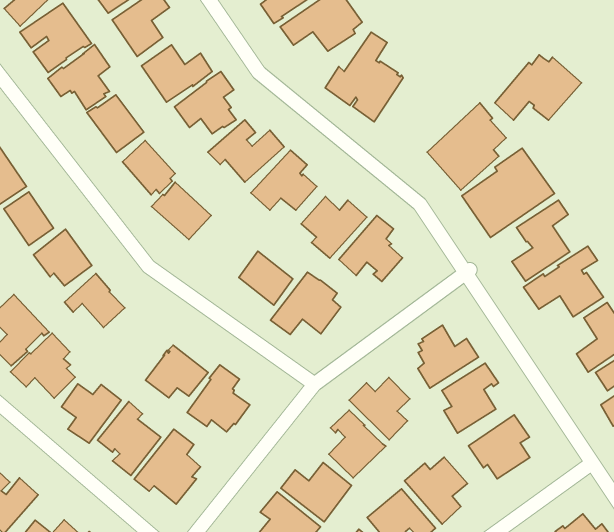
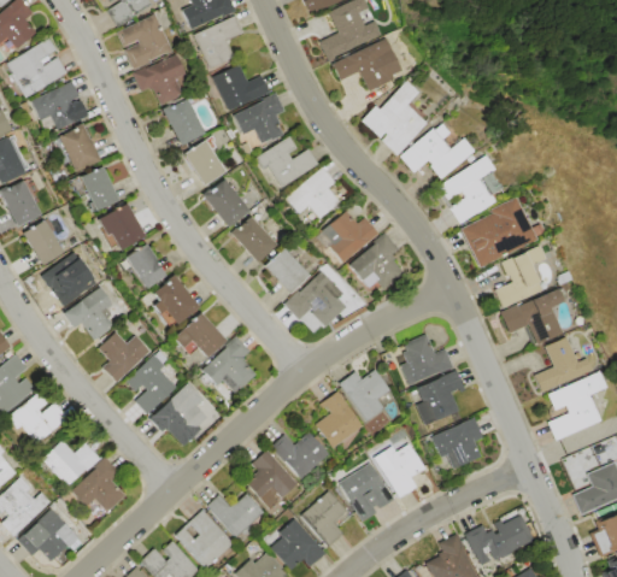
building: [495,55,581,120] -> [400,123,475,178]
building: none -> [229,217,277,264]
building: none -> [152,275,198,324]

